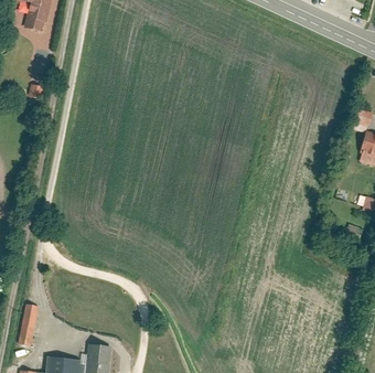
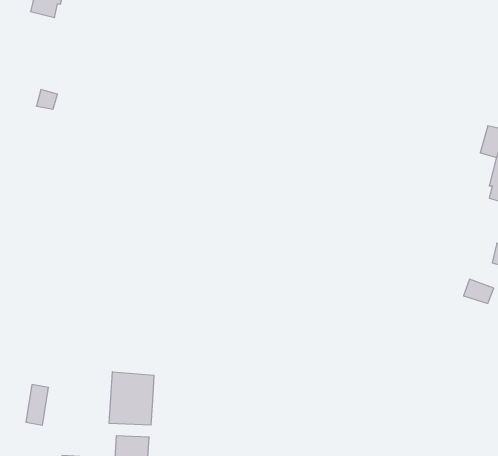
building: none -> [109,372,154,425]

